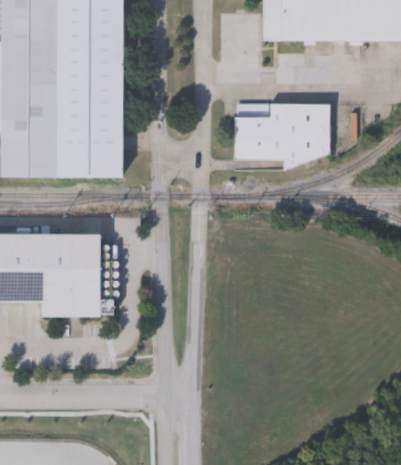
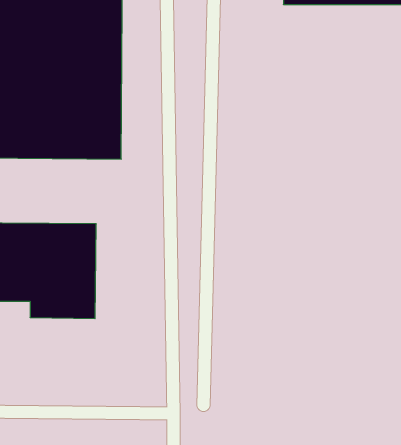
building: [233,104,330,162] -> none

